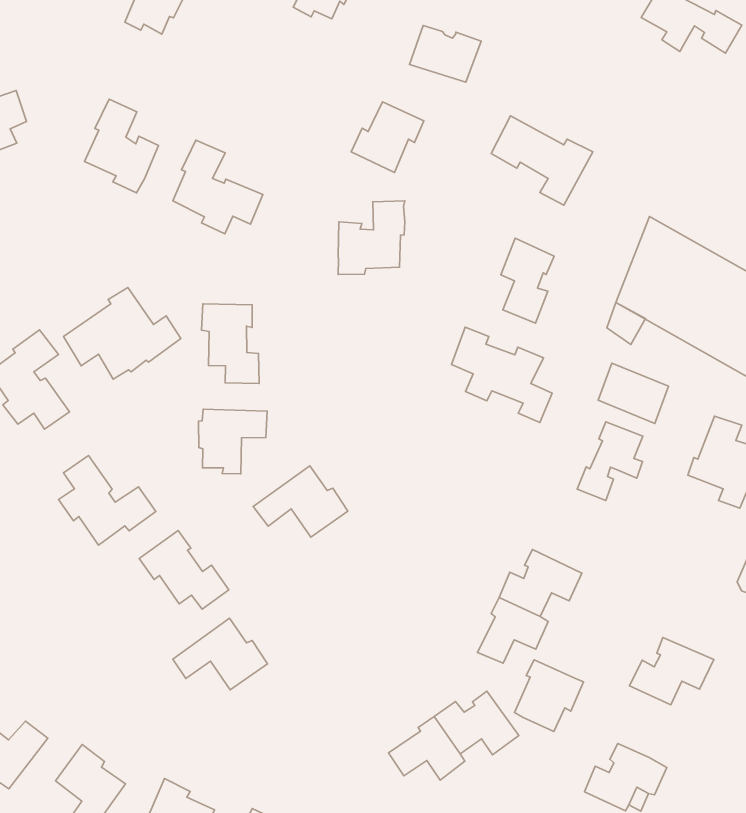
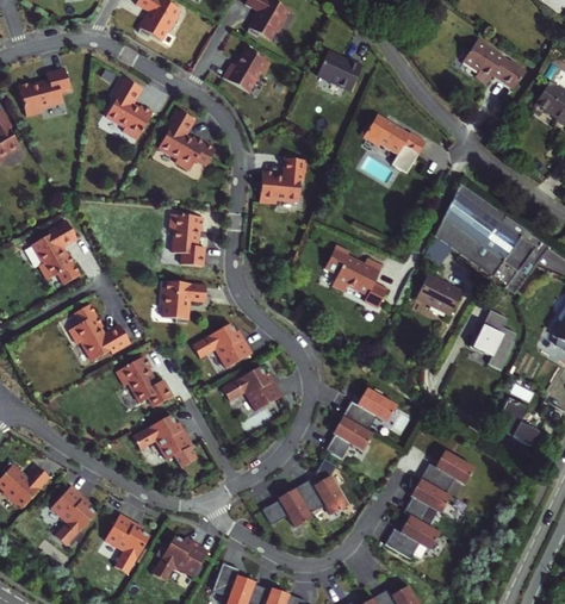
building: [351,102,424,172] -> [223,48,271,93]
building: [501,238,554,323] -> none
building: [64,287,181,379] -> none
building: [577,422,643,501] -> none
building: none -> [222,367,281,412]
building: [514,660,583,731] -> [404,480,449,527]

